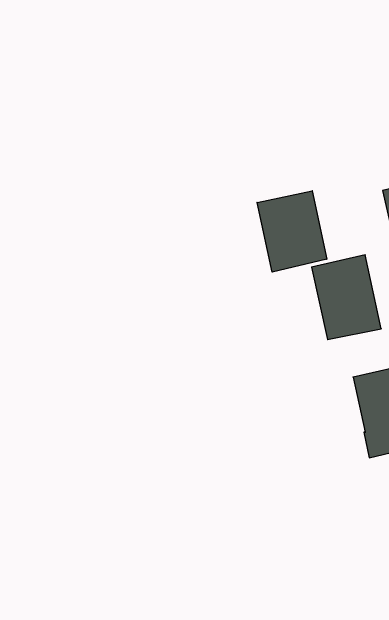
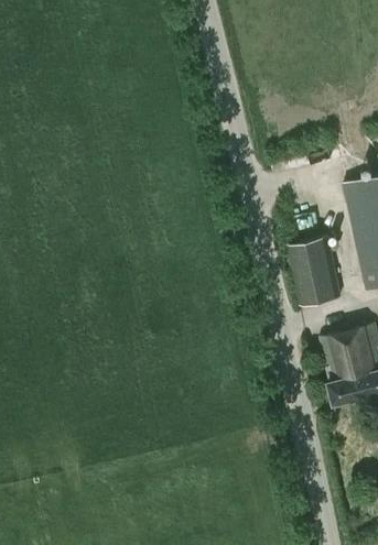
building: [257,191,327,272] -> none

